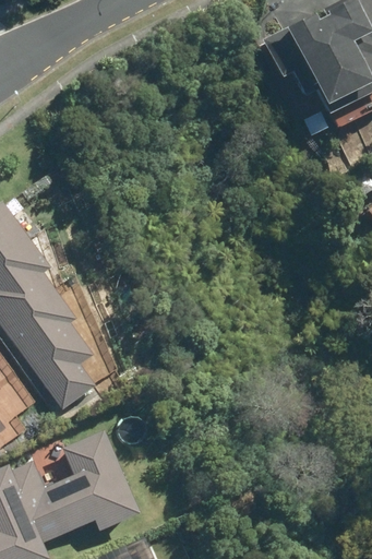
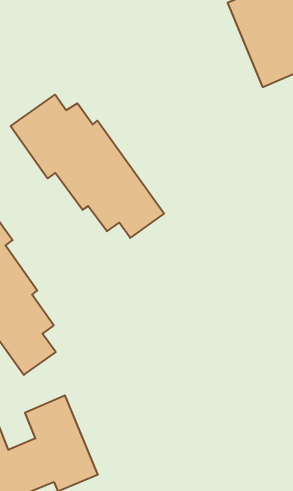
building: none -> [11,95,164,238]

